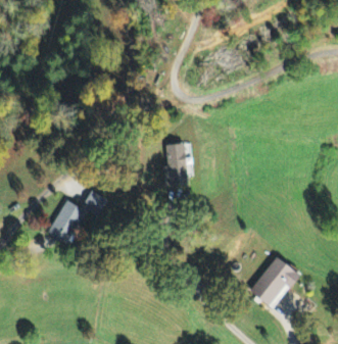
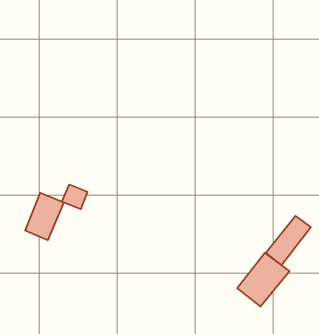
building: [164,144,185,185] -> none
building: none -> [266,216,311,265]

